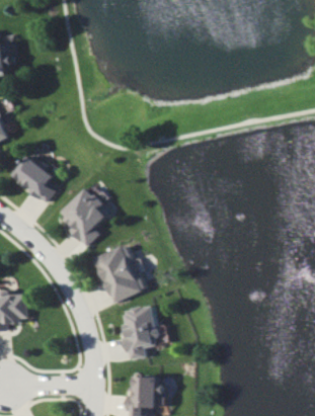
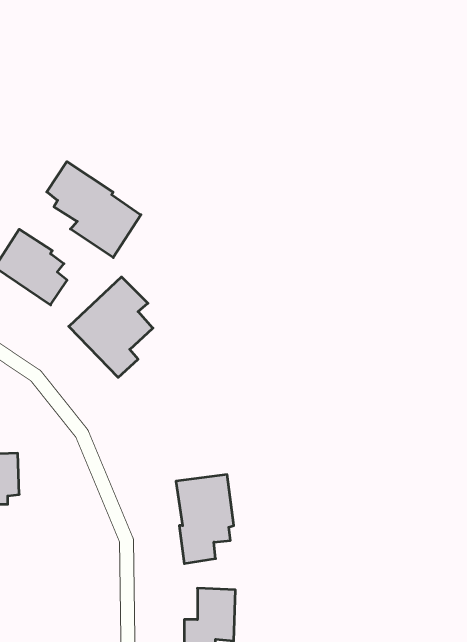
building: none -> [47,162,141,258]
building: [96,244,147,304] -> none

